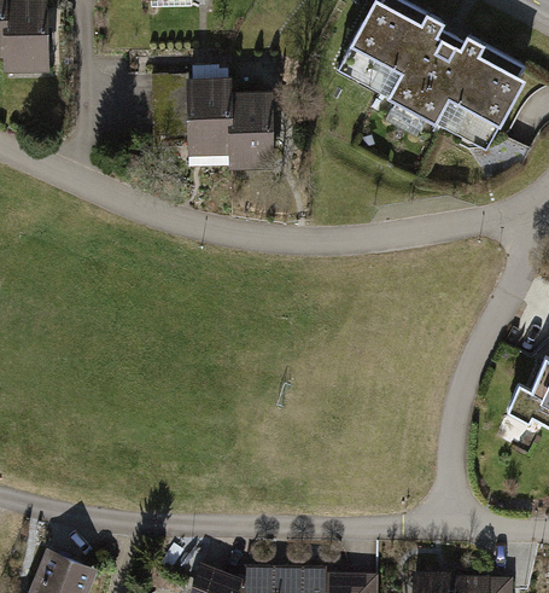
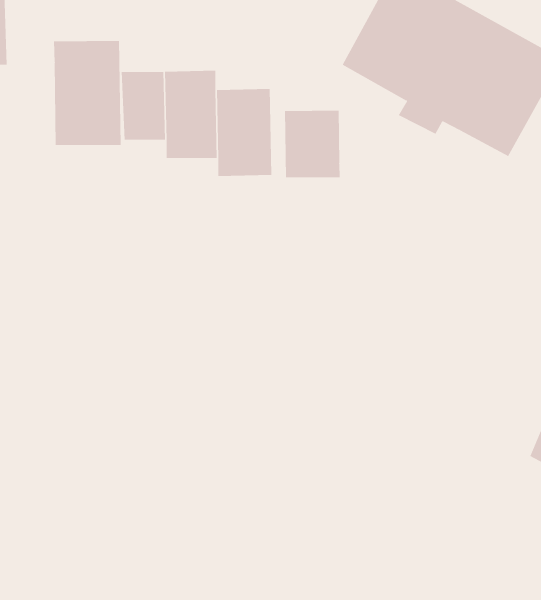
building: none -> [53,40,121,146]
building: none -> [284,110,340,178]

